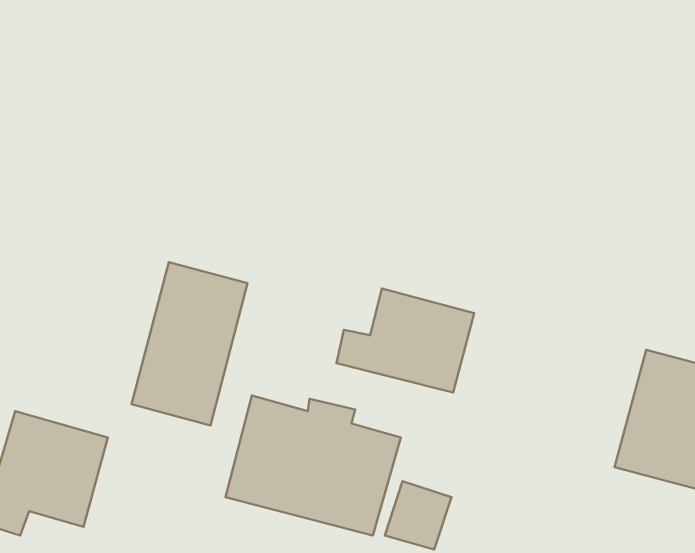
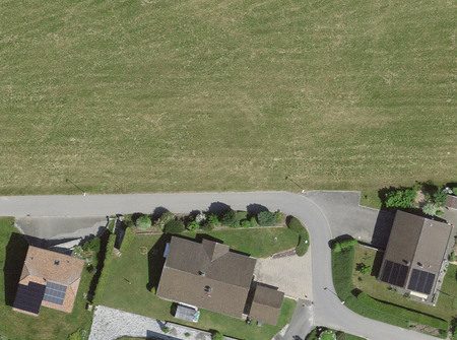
building: [132,262,248,425] -> none
building: [336,288,474,393] -> none

